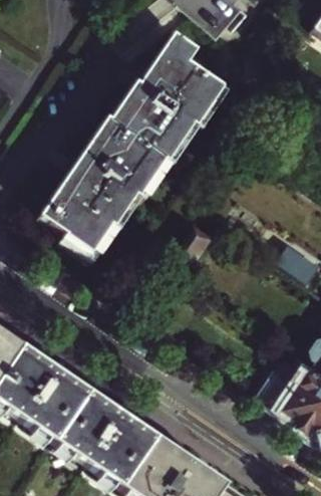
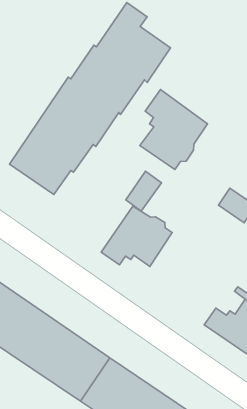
building: none -> [140,90,207,170]
building: none -> [101,206,172,267]

